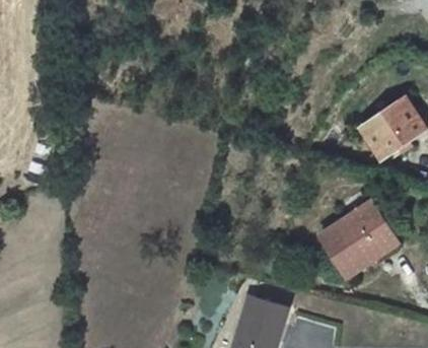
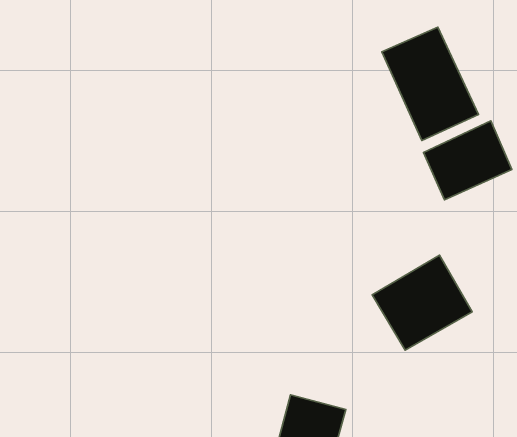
building: none -> [382,27,479,141]

